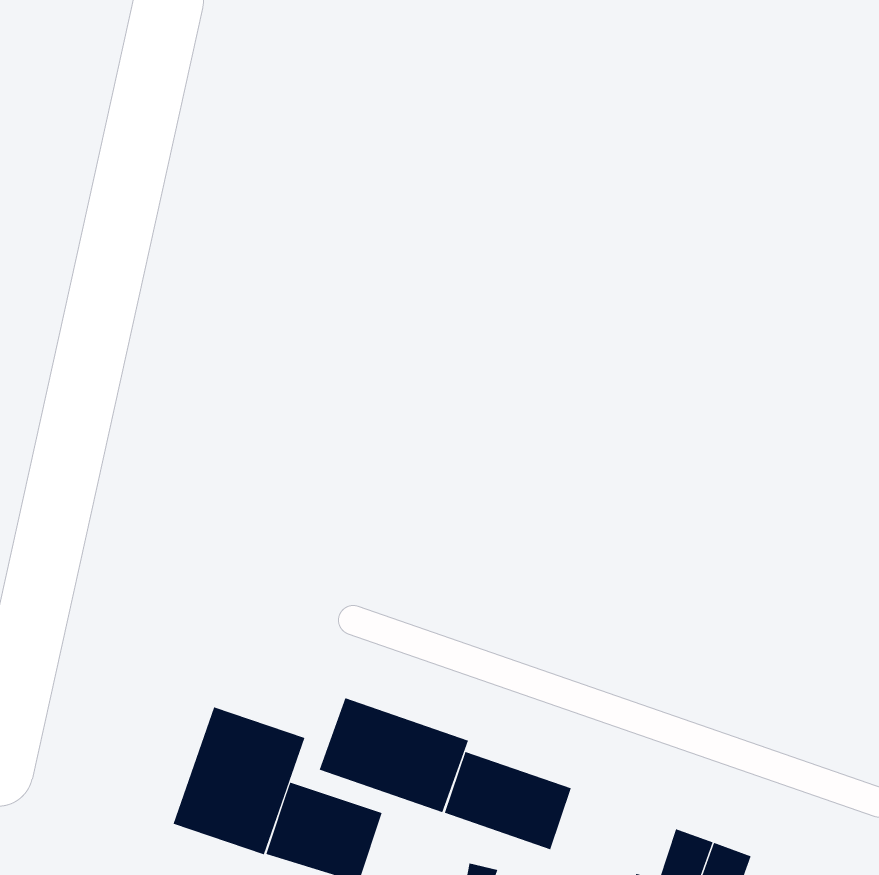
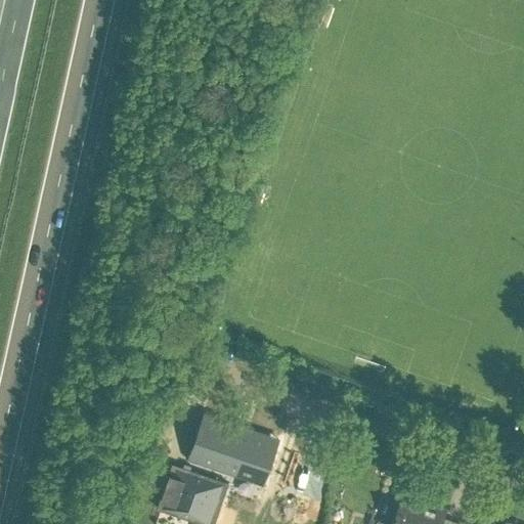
building: [173,706,305,855] -> none
building: [444,751,571,850] -> none

